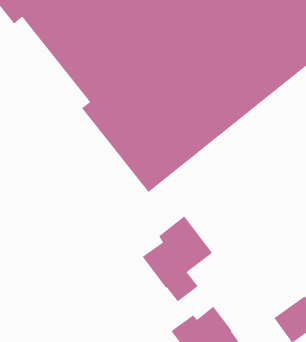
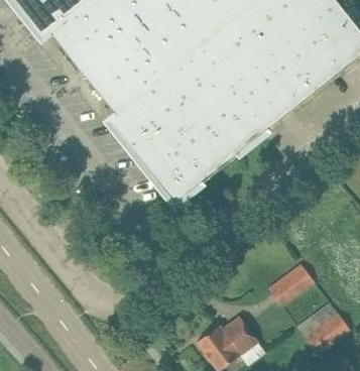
building: [142,215,213,302] -> none
building: none -> [268,265,314,306]

